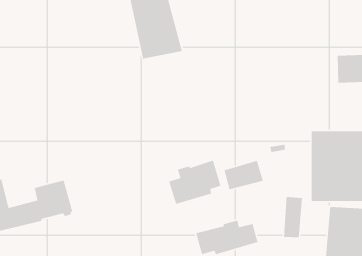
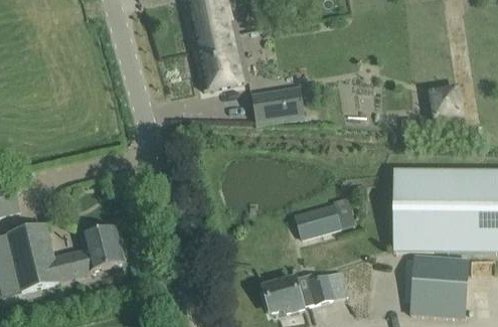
building: none -> [252,88,305,121]
building: [168,160,222,205] -> none
building: [283,196,303,238] -> none

